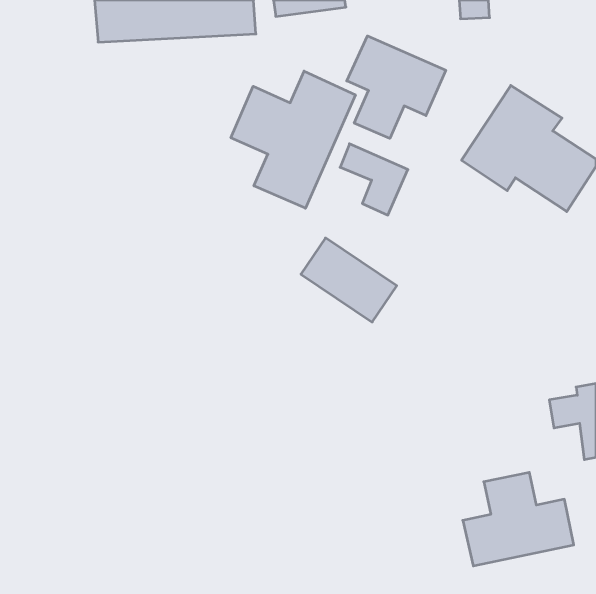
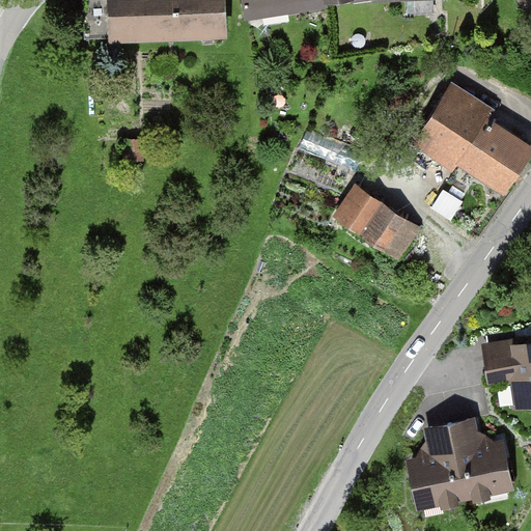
building: [347,36,446,138] -> none
building: [231,71,355,208] -> none
building: [301,238,397,322] -> [336,187,421,261]

